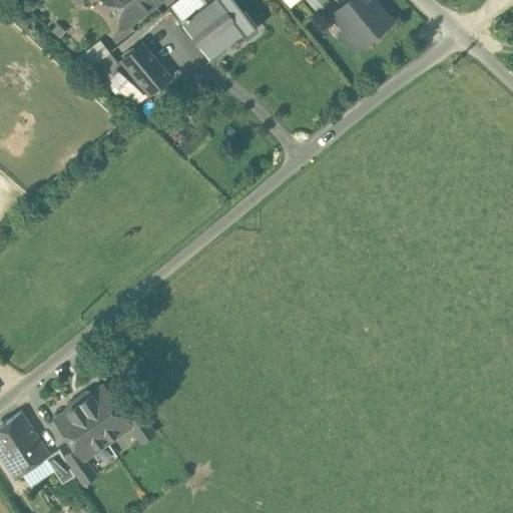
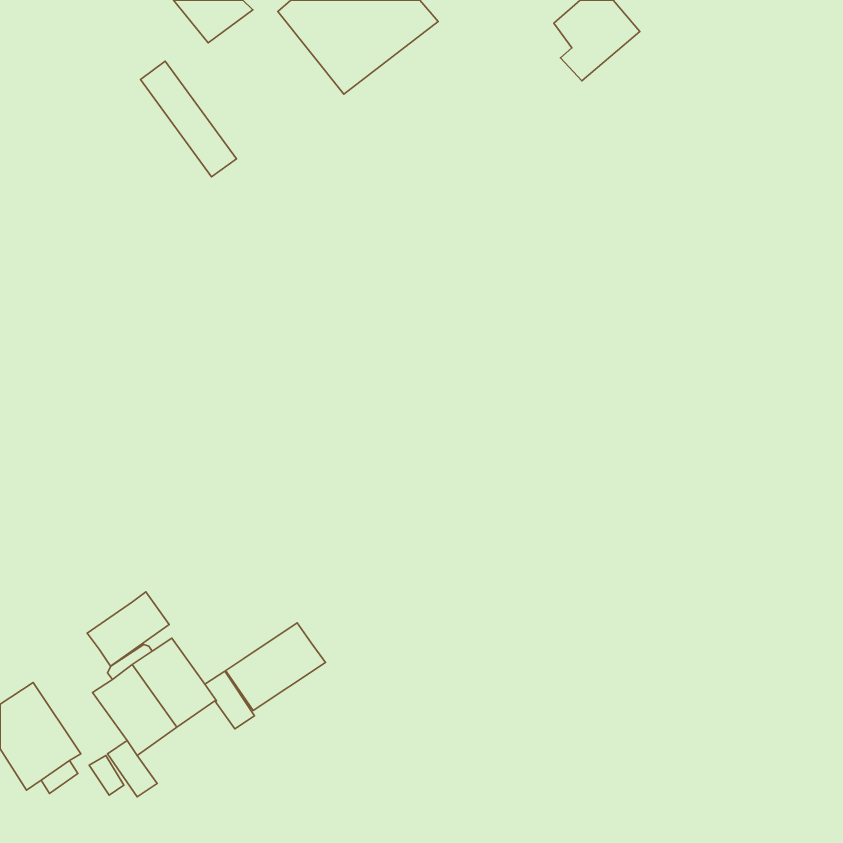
building: [122,45,169,93] -> none
building: none -> [87,592,169,666]
building: none -> [225,623,325,711]

